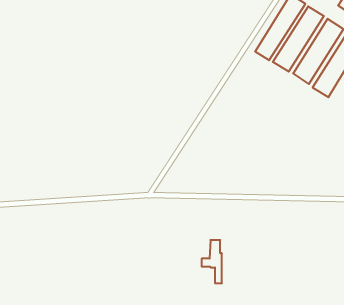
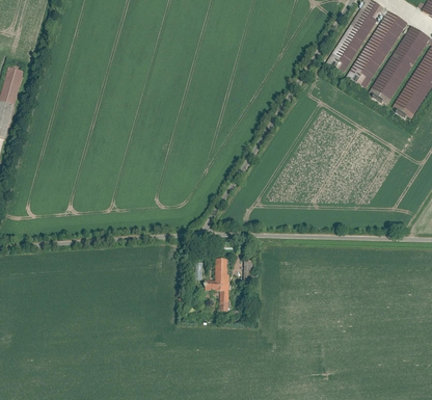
building: [202,240,222,283] -> [206,259,230,310]

